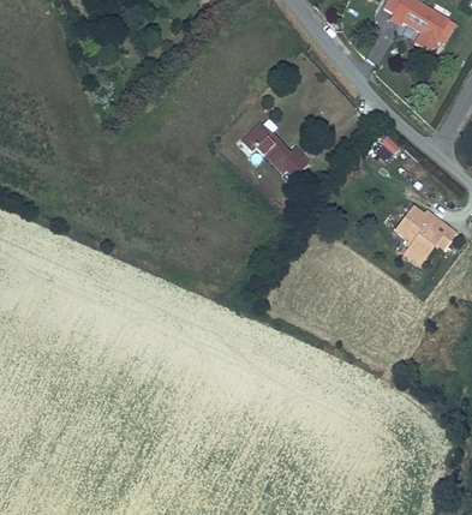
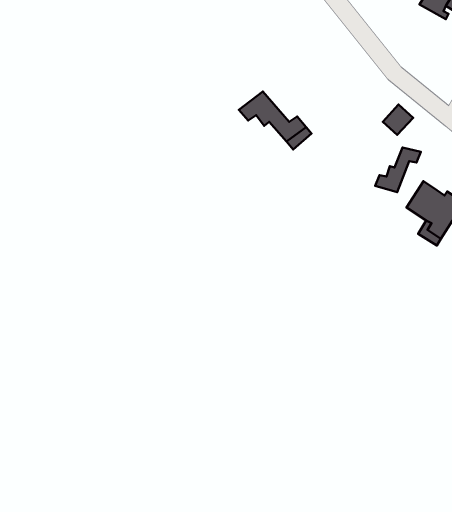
building: none -> [375,147,421,192]

